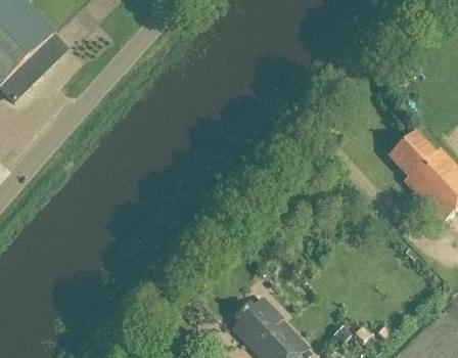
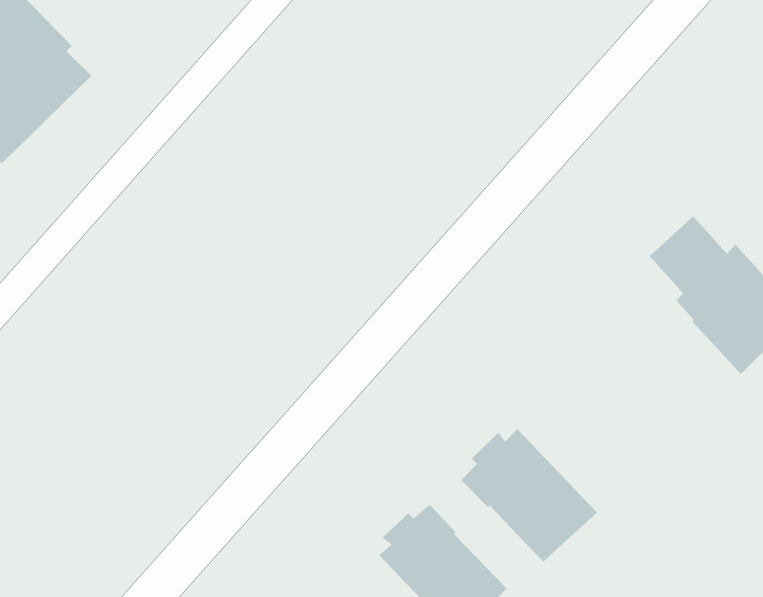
building: none -> [461,428,598,563]

